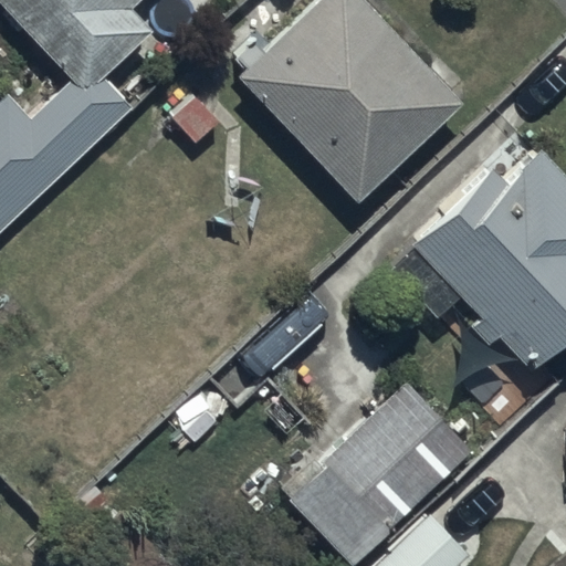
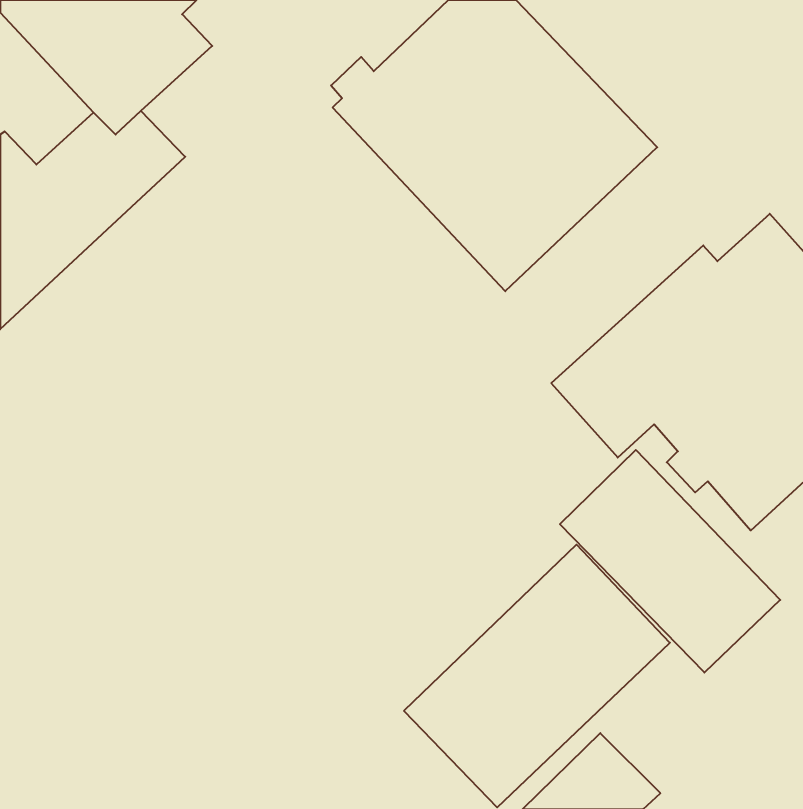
building: none -> [560,450,780,673]

